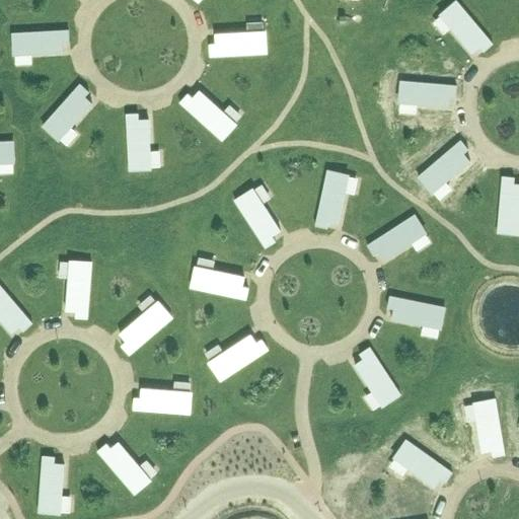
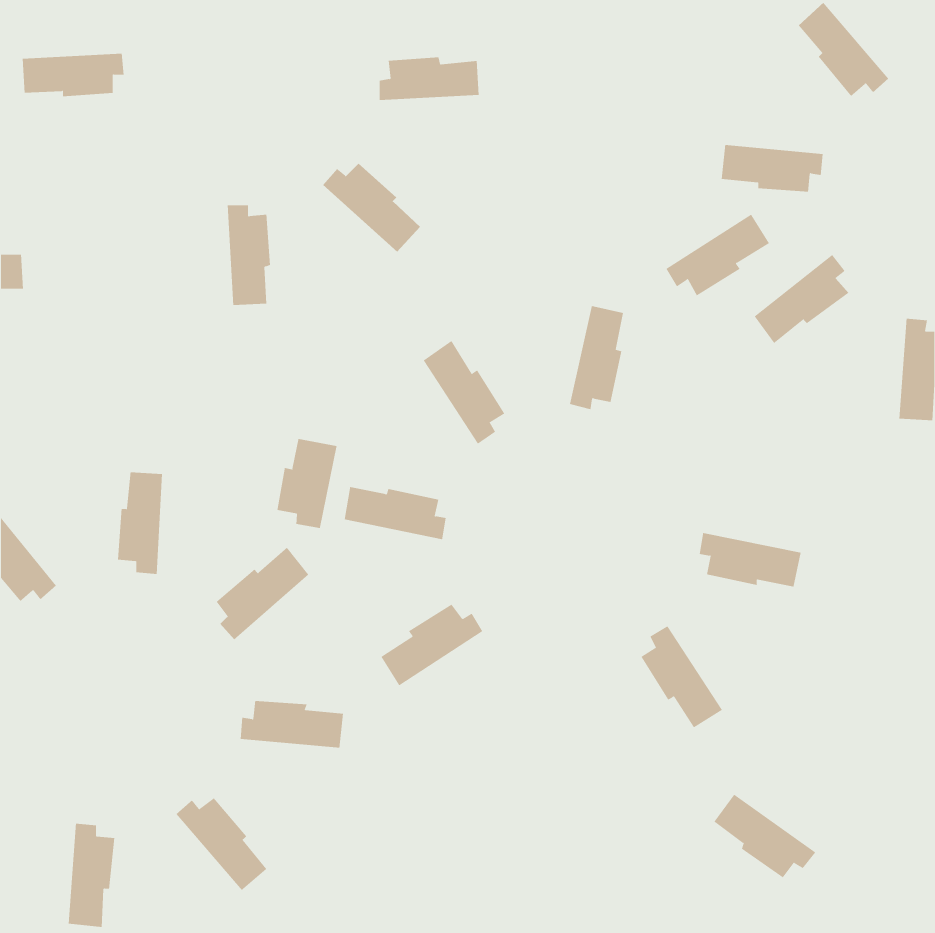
building: [42,84,91,139] -> none
building: [367,216,425,262] -> [665,214,770,296]
building: none -> [277,438,337,529]
building: [476,399,505,456] -> none

